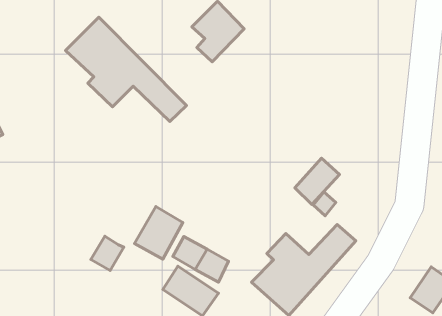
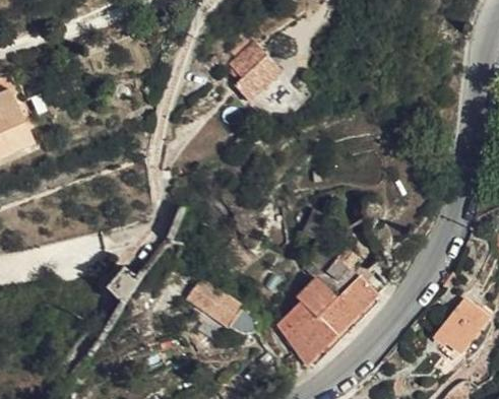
building: [66,17,186,121] -> none
building: [295,158,340,204] -> none
building: [135,207,183,259] -> none

